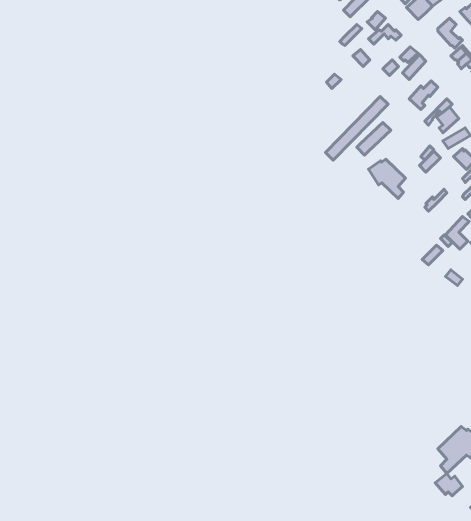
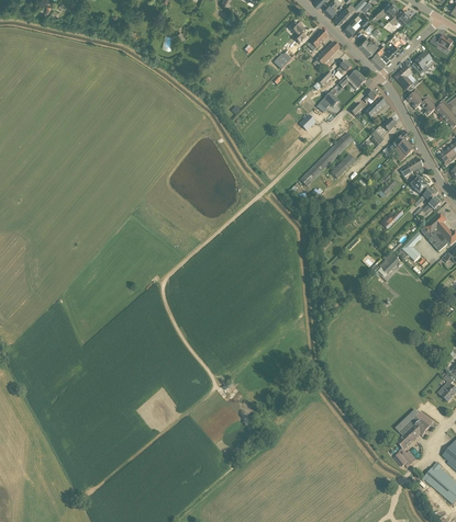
building: [369,159,406,199] -> none

